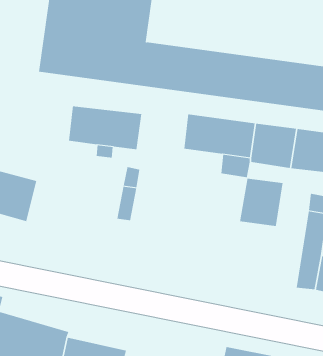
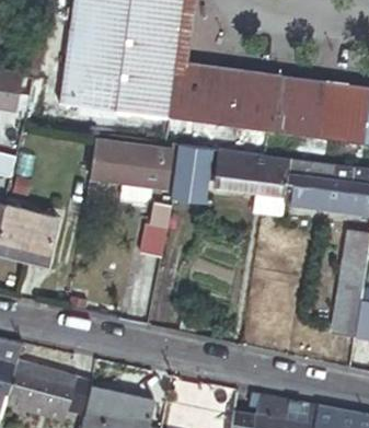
building: none -> [171,143,214,204]
building: [239,178,283,227] -> none

